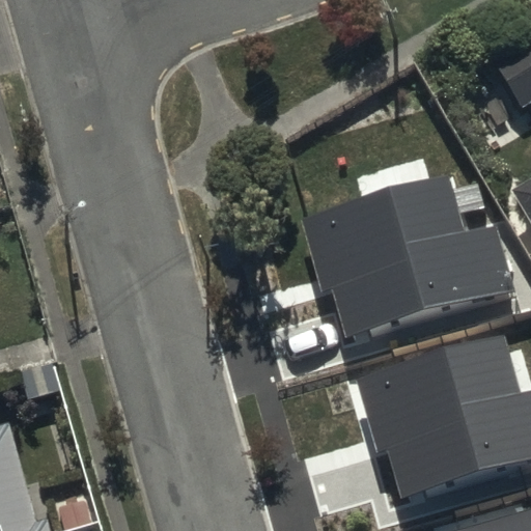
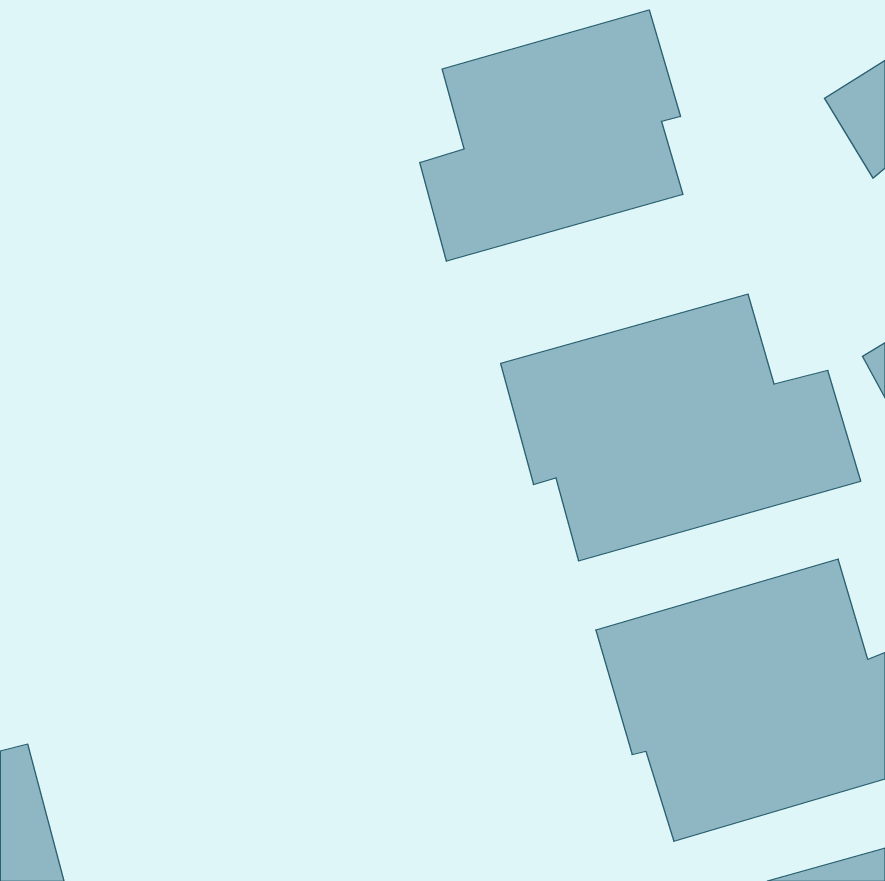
building: none -> [420,10,683,261]

